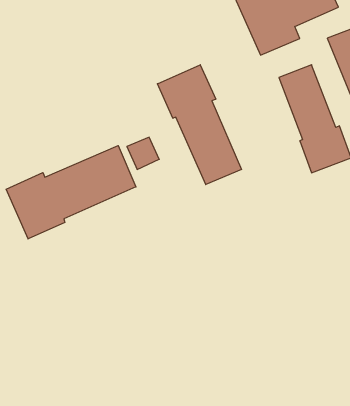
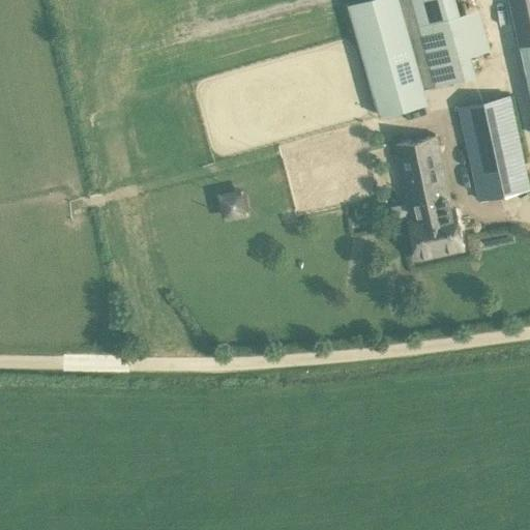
building: [157,65,242,185] -> none
building: [6,146,136,239] -> none

